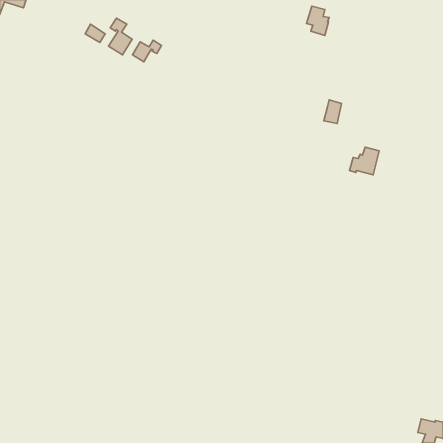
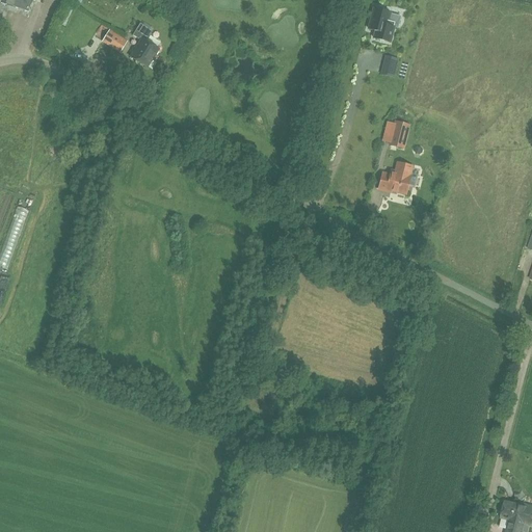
building: [132,40,161,62] -> none
building: [350,147,379,175] -> [377,160,413,193]

